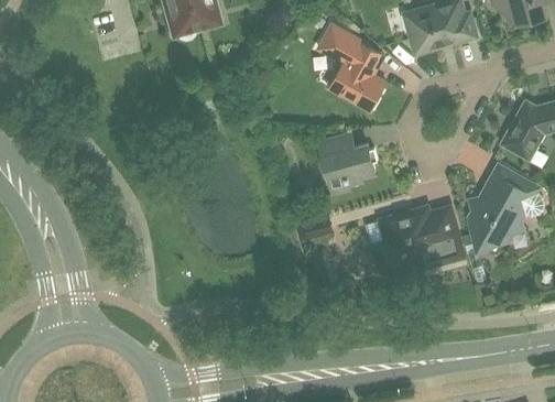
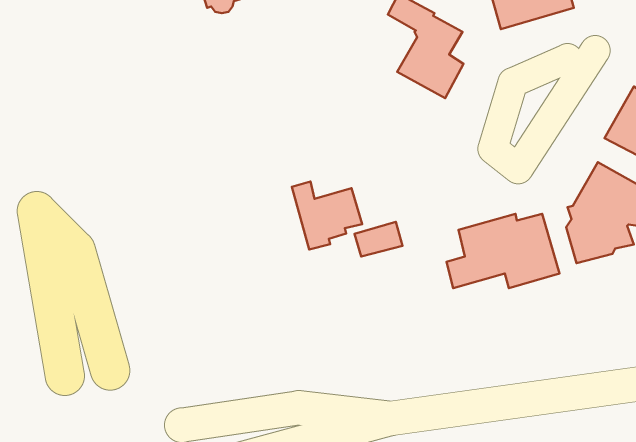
building: [317,138,376,194] -> [292,182,362,249]

